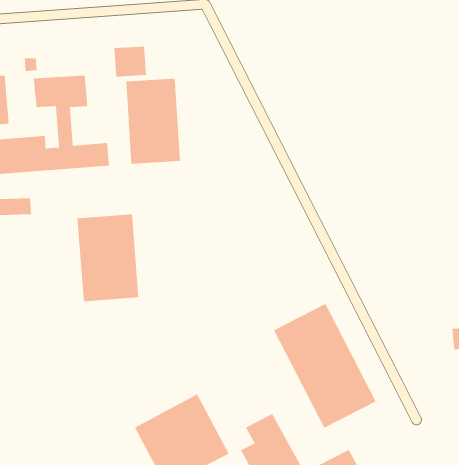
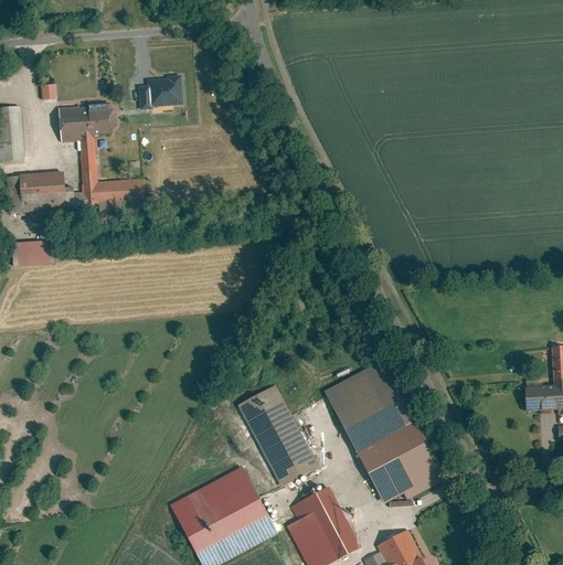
building: [126,78,180,165] -> none
building: [77,214,139,302] -> none
building: none -> [235,382,318,484]

